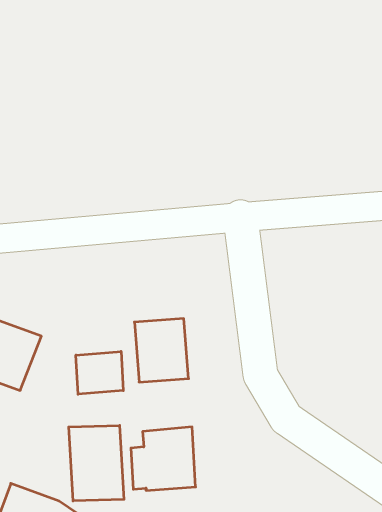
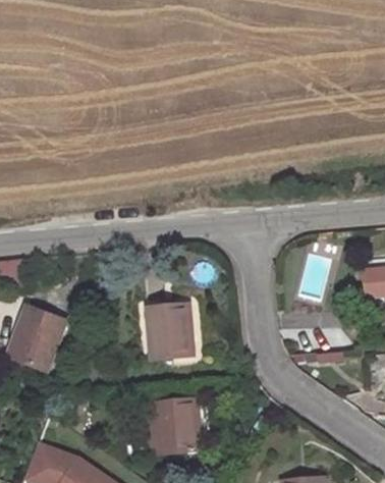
building: [76,351,123,394] -> none
building: [69,425,124,501] -> none

